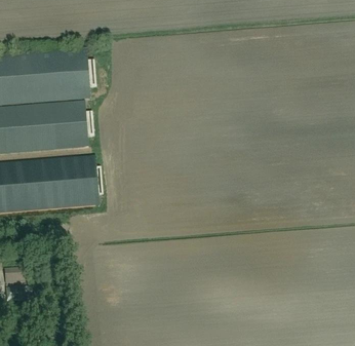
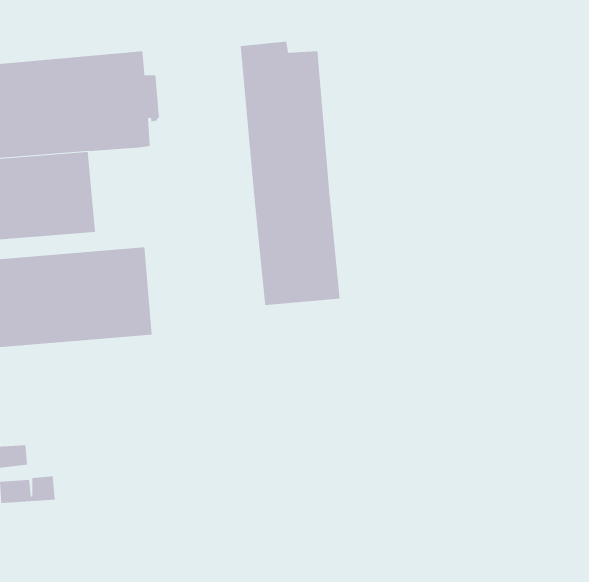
building: none -> [240,41,340,306]
building: [56,101,94,148] -> none

